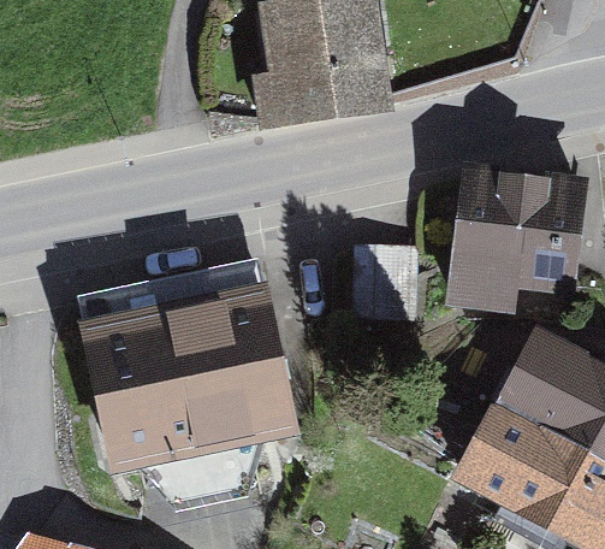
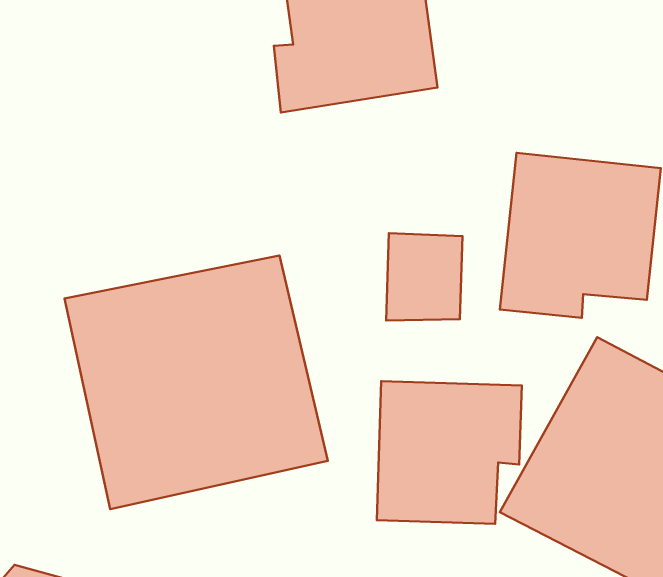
building: none -> [377,381,522,524]

